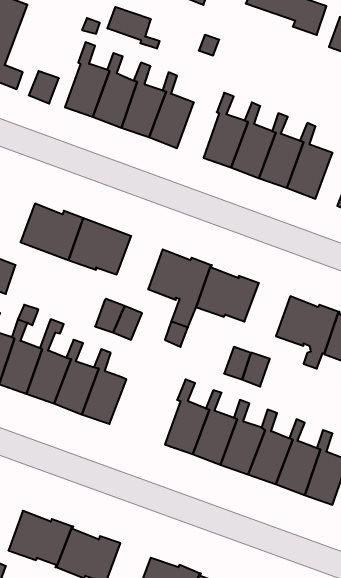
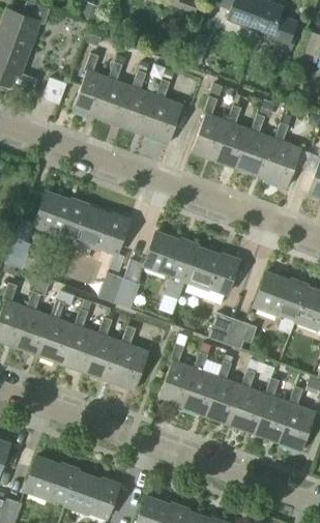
building: [107,7,160,49] -> none
building: none -> [111,325,149,390]

